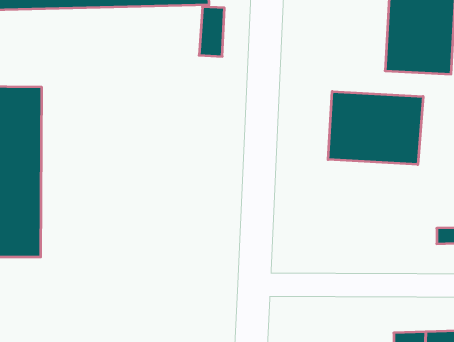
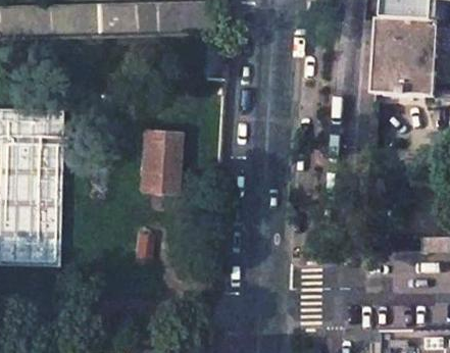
building: [328,91,423,165] -> none
building: none -> [141,133,181,193]

